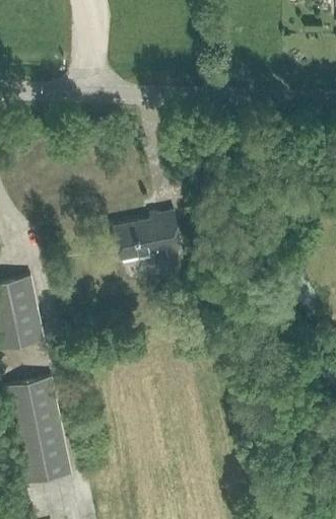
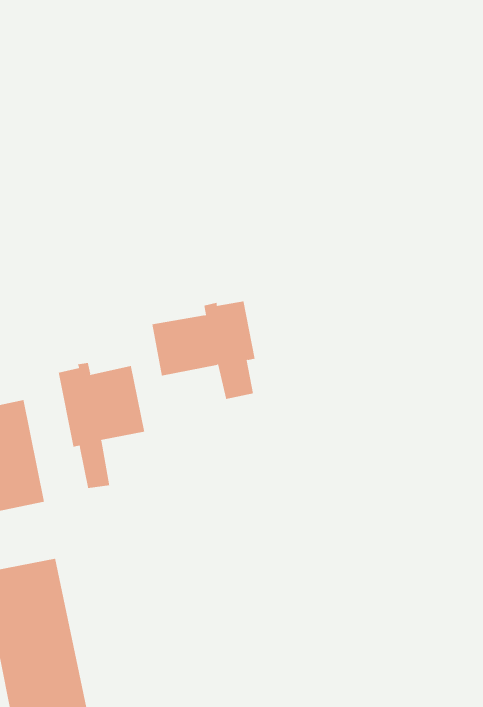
building: none -> [58,362,145,489]

